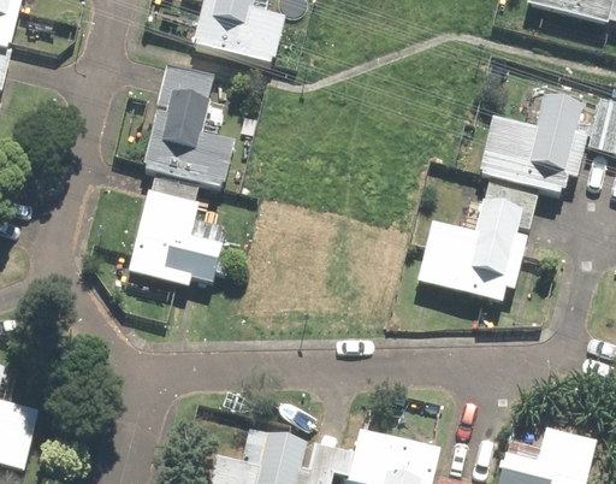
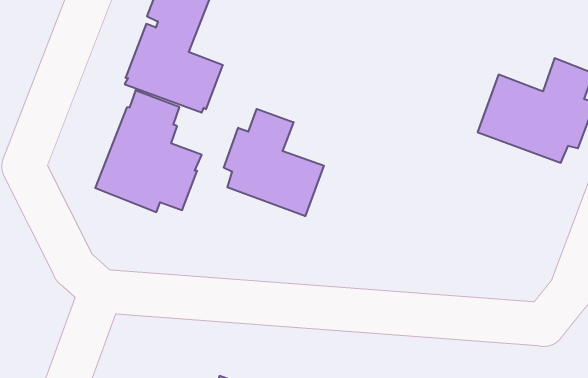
building: none -> [224,109,324,216]
building: [416,178,538,299] -> none

